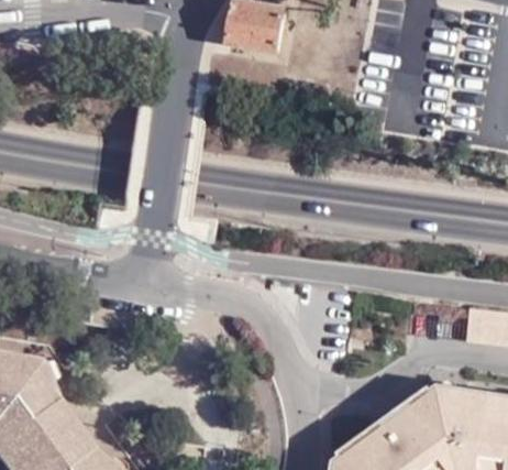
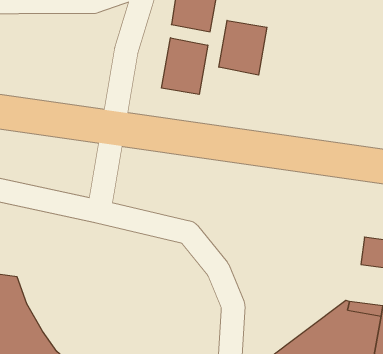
building: none -> [219,20,267,75]
building: none -> [162,38,208,94]

